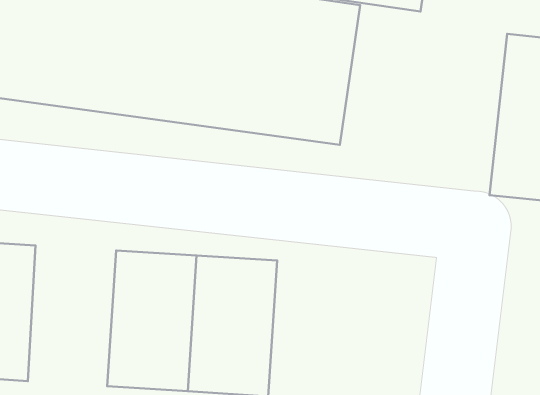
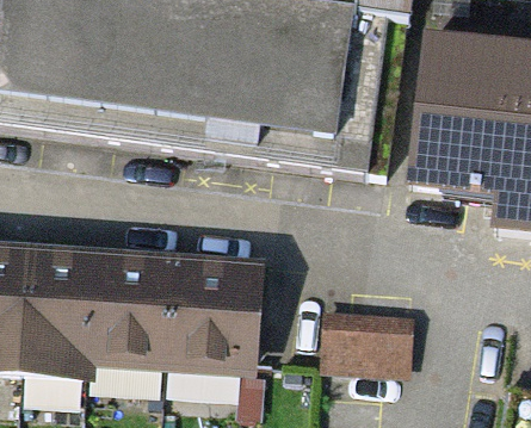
building: none -> [405,36,490,196]
building: none -> [36,243,119,377]
building: none -> [325,303,418,367]

